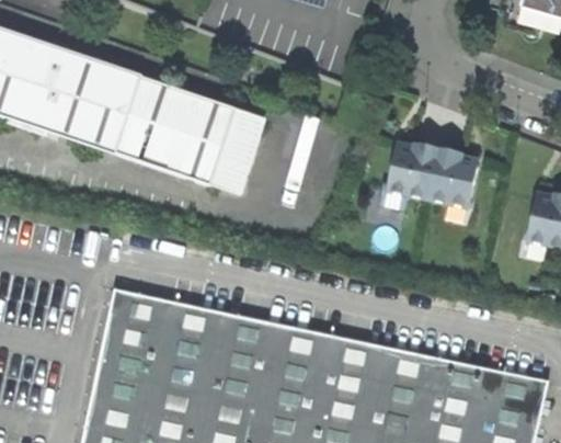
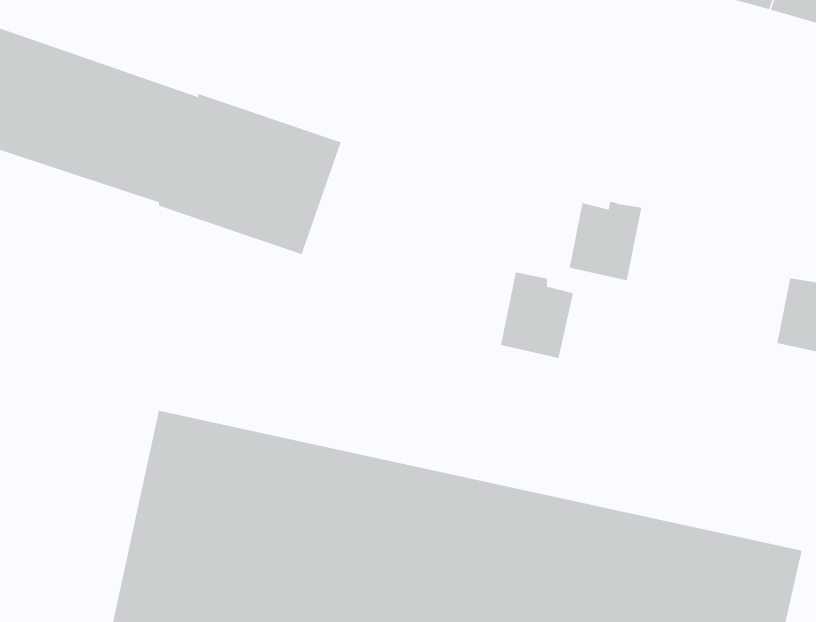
building: [213,110,267,195] -> none
building: [431,154,480,212] -> [500,272,574,358]

